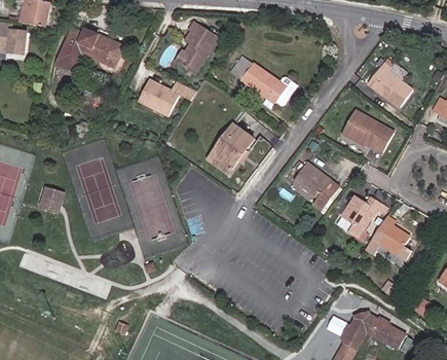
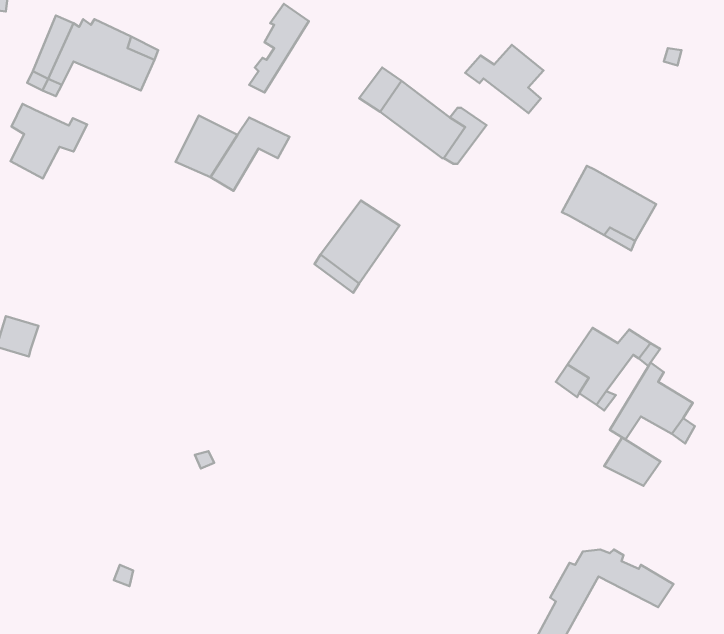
building: [183,31,220,78] -> none
building: none -> [465,45,543,113]
building: [369,62,412,106] -> none
building: none -> [10,104,87,178]
building: [299,161,345,208] -> none
building: none -> [604,438,661,486]

